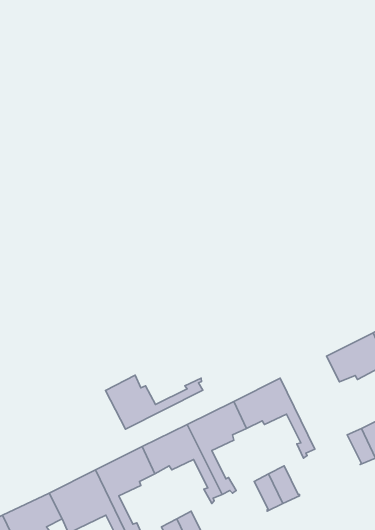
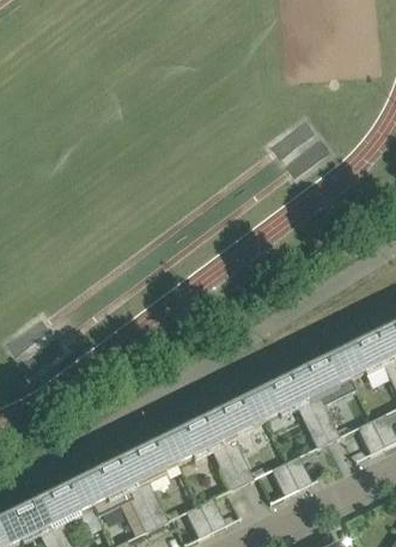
building: none -> [292,352,347,438]
building: [105,375,203,429] -> none

